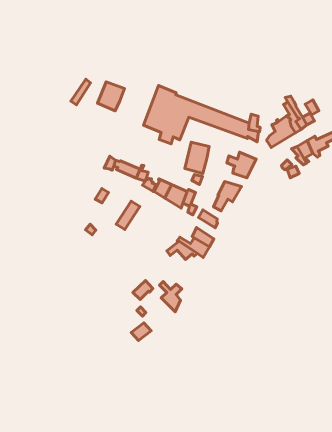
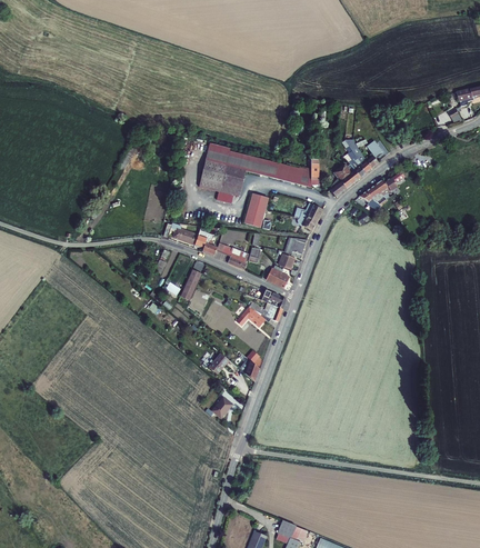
building: [97,82,125,111] -> none

